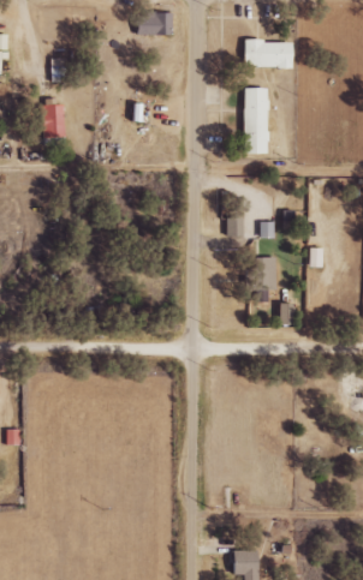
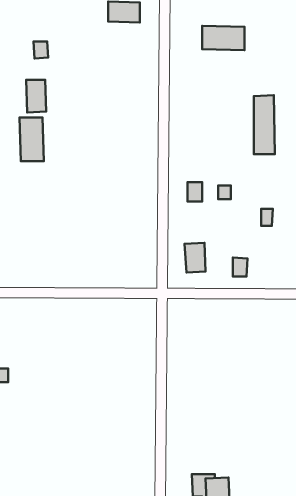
building: [244,86,268,154] -> [254,95,275,154]
building: none -> [20,117,44,161]
building: [255,256,279,289] -> [184,243,206,272]

